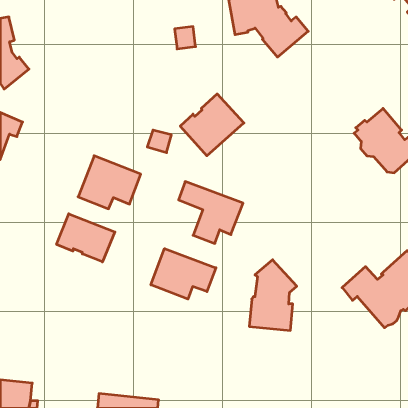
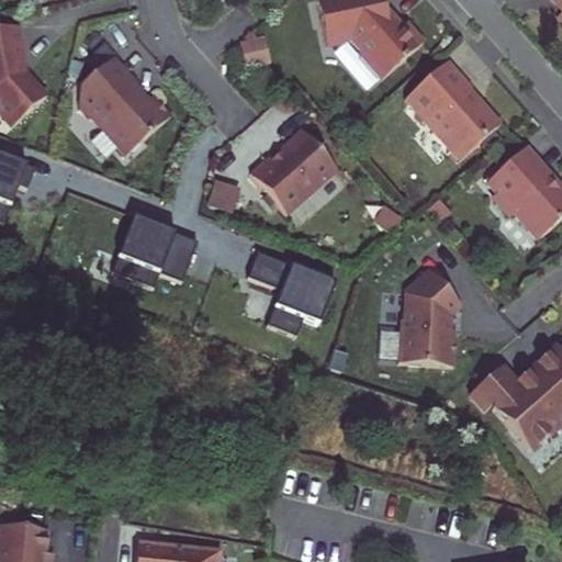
building: none -> [78,55,169,151]
building: none -> [404,63,499,164]
building: [57,214,115,262] -> none
building: [151,249,216,299] -> none
building: [249,260,297,330] -> [398,268,463,364]

